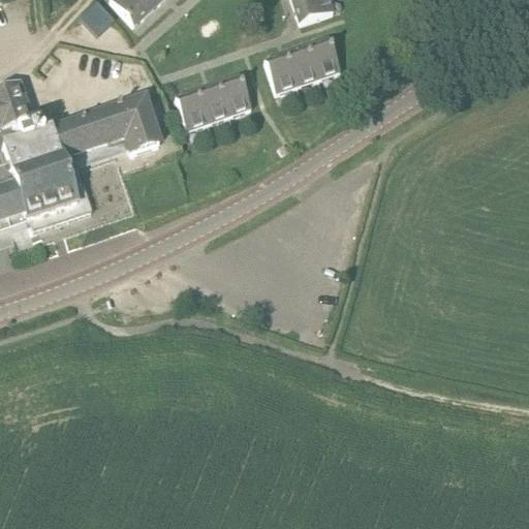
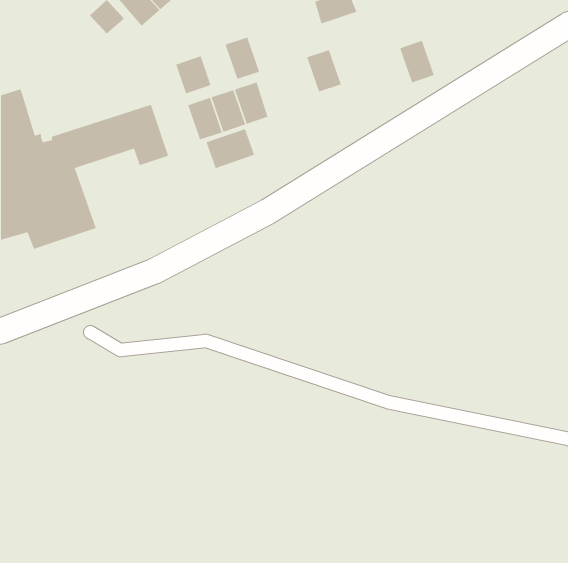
building: [307,38,340,79] -> [399,40,435,83]
building: none -> [175,55,211,95]
building: [263,53,297,93] -> [224,36,260,80]
building: none -> [205,128,255,169]

